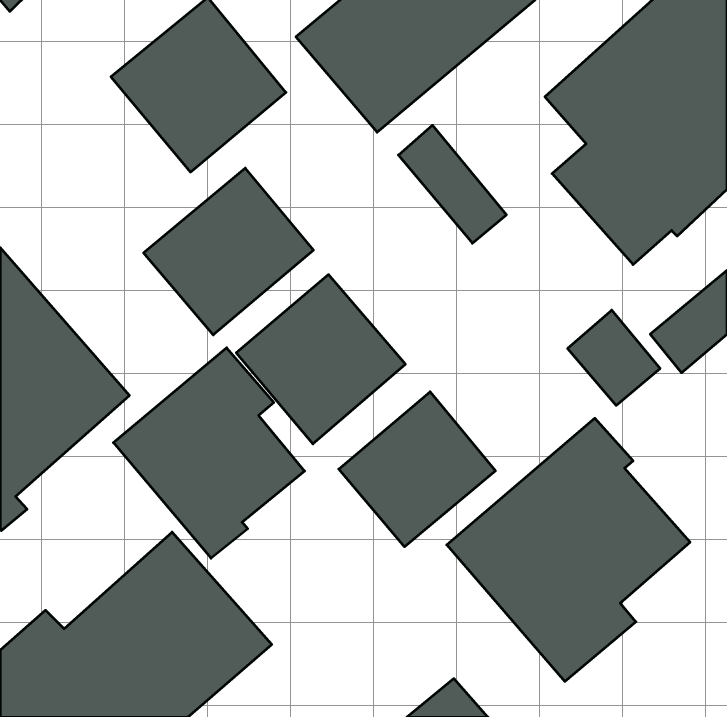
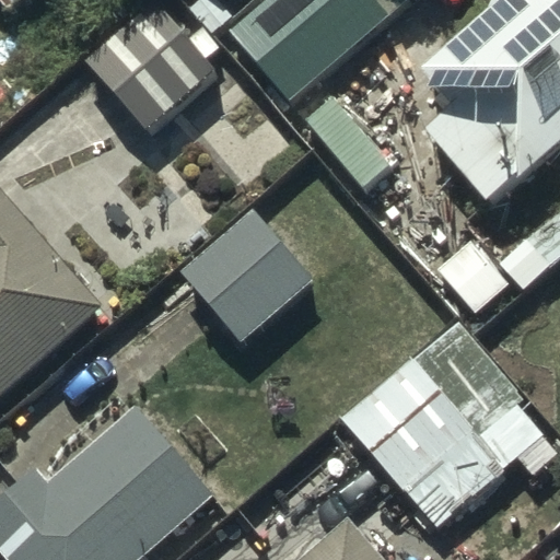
building: [144,168,313,335] -> none
building: [113,348,305,558] -> none
building: [339,392,495,547] -> none

